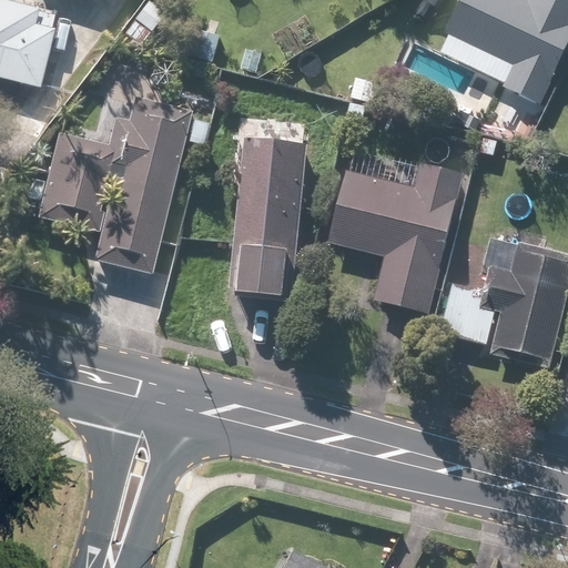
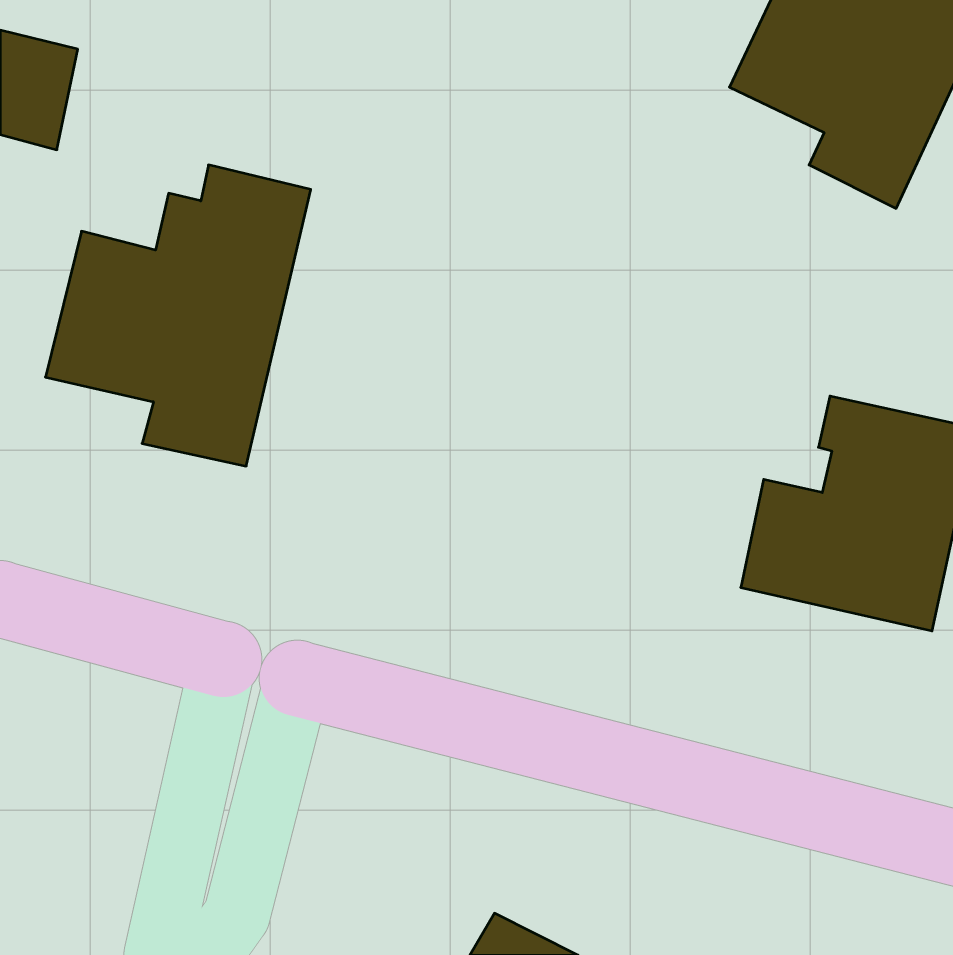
building: [229,111,315,303] -> none
building: [326,145,466,314] -> none

